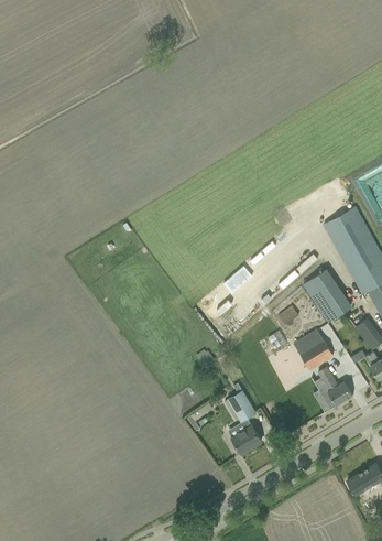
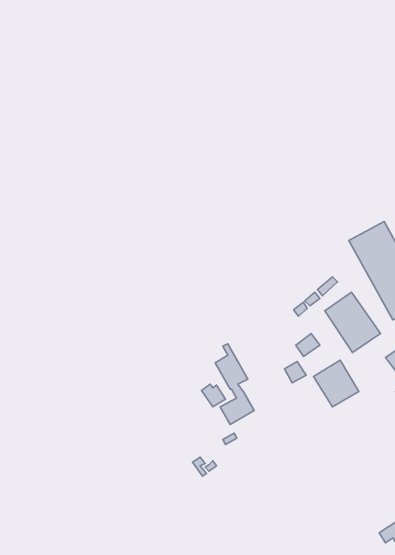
building: [315,368,353,409] -> none
building: [228,383,262,454] -> [215,344,254,424]

